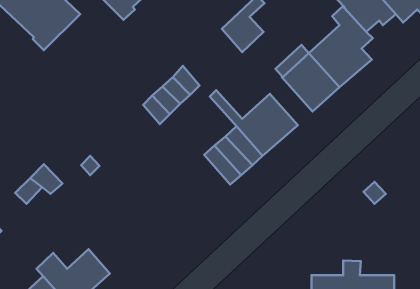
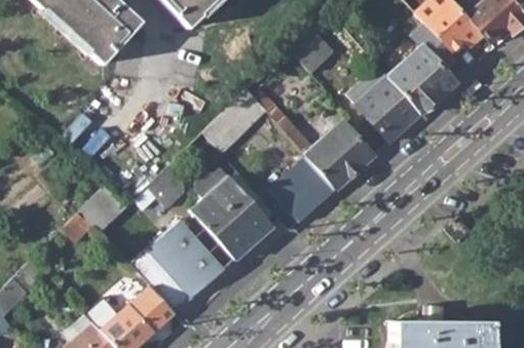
building: none -> [190,165,273,256]
building: none -> [149,166,189,210]
building: none -> [132,219,224,310]

